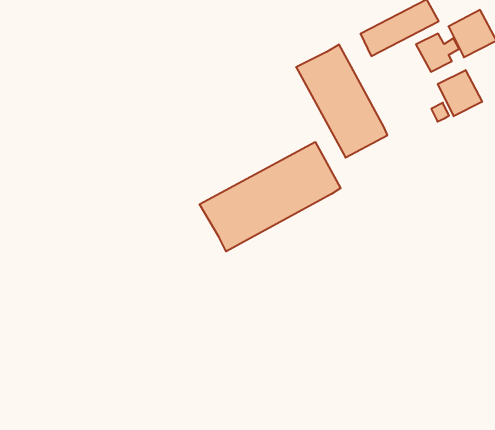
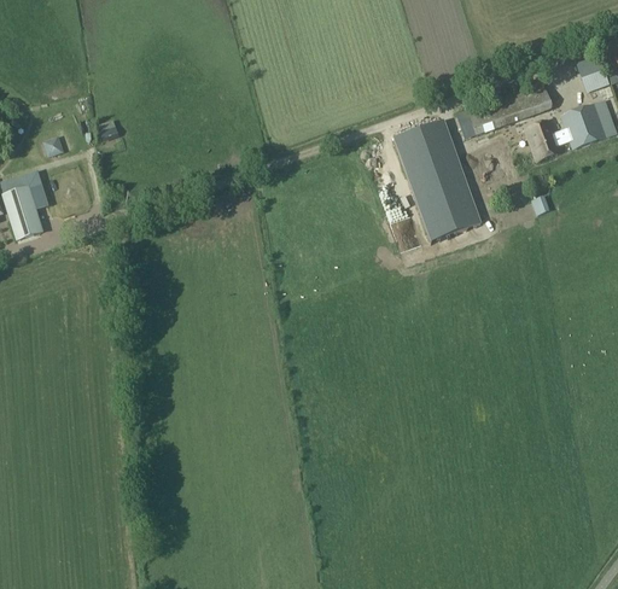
building: [438,70,482,116] -> none
building: [200,142,341,251] -> none

